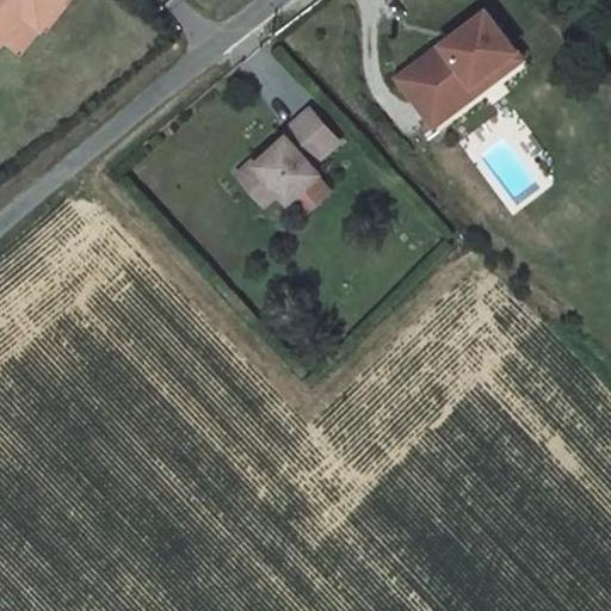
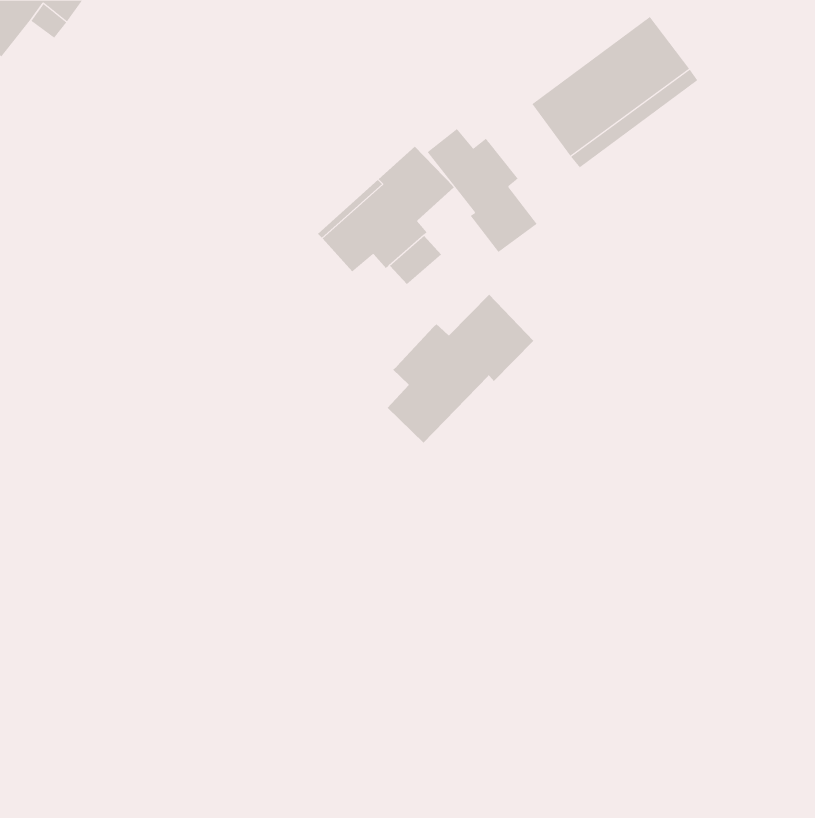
building: none -> [427,128,538,253]
building: none -> [387,294,534,444]

